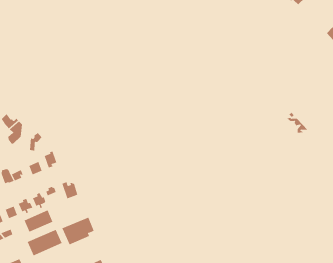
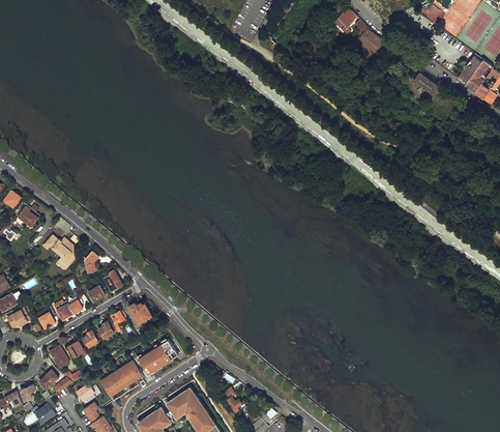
building: [24,210,53,233] -> none

